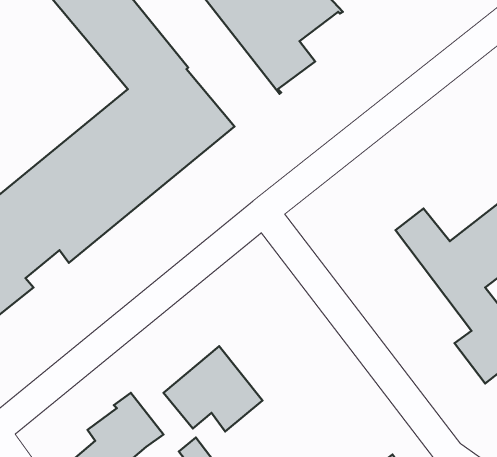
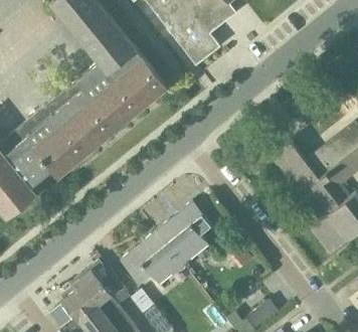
building: none -> [156,200,212,265]

